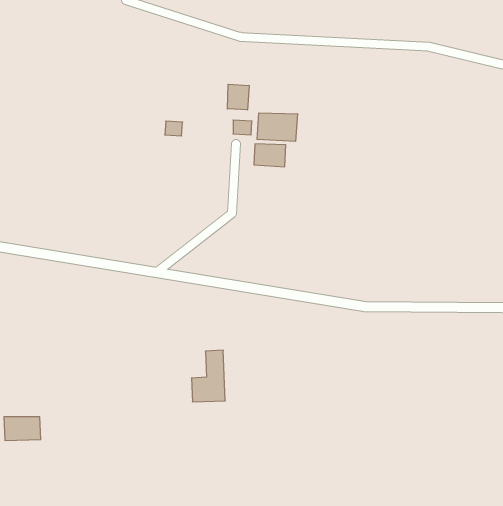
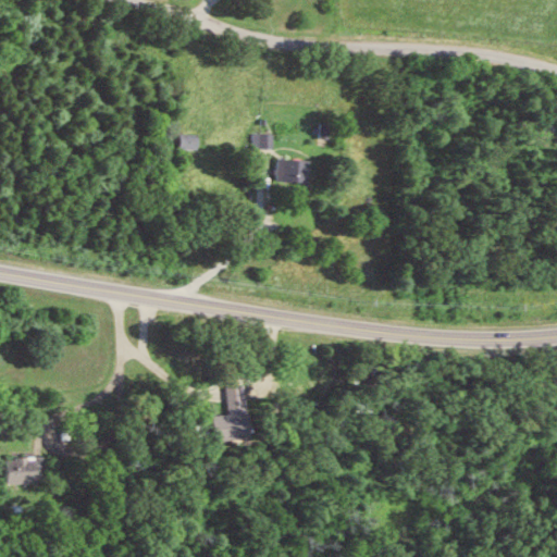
building: [227,84,249,110] -> none
building: [257,113,297,141] -> none

